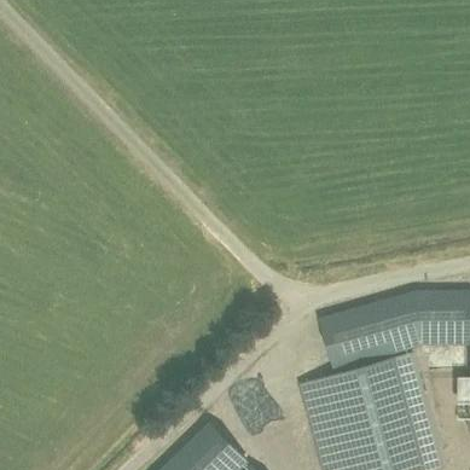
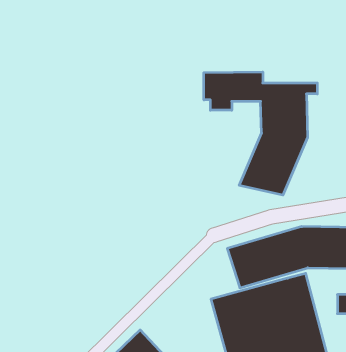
building: none -> [204,72,317,195]

